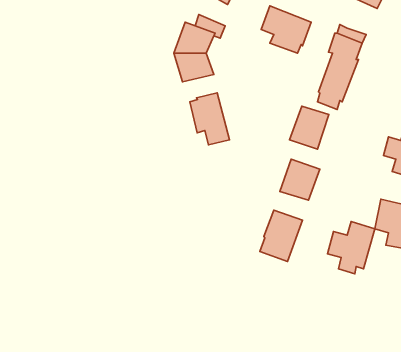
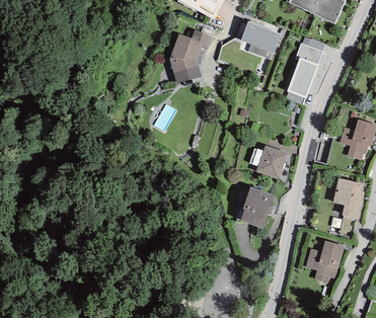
building: [190,93,229,145] -> none
building: [290,106,329,149] -> none
building: [327,222,375,274] -> [305,240,344,283]

